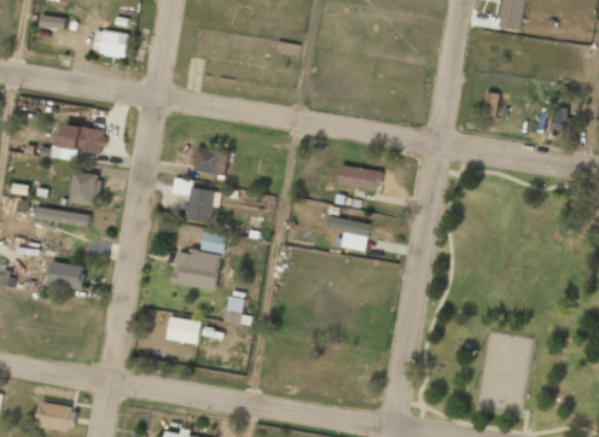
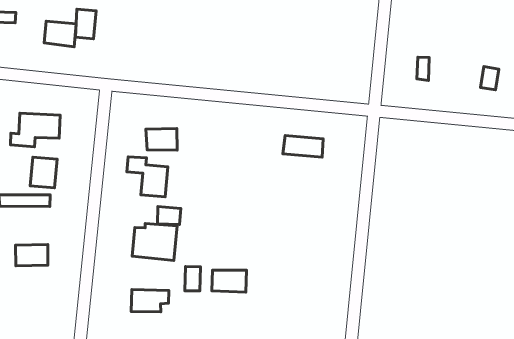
building: none -> [75,9,96,39]
building: [326,217,370,251] -> none
building: none -> [212,270,246,292]

